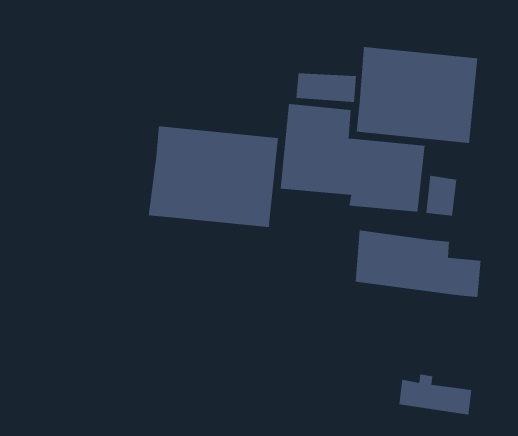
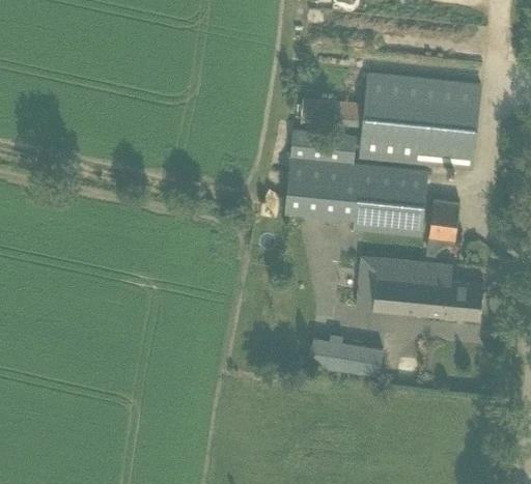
building: [148,126,278,228] -> none
building: [398,374,472,415] -> [309,334,382,374]

